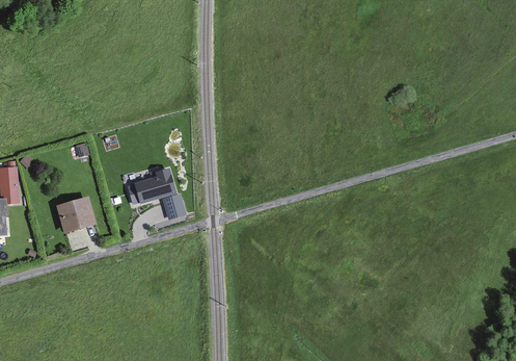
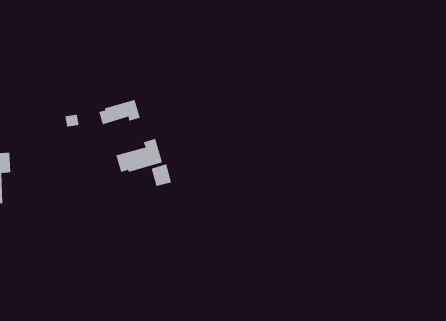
building: none -> [99,99,140,125]
building: [56,195,96,231] -> none

